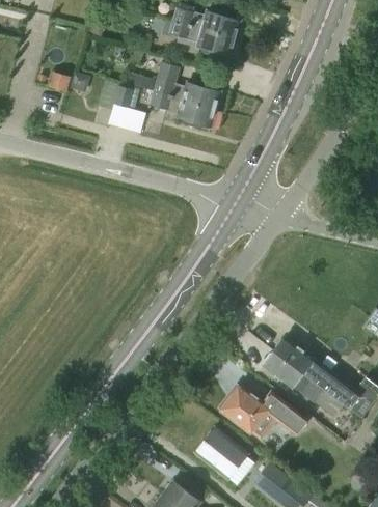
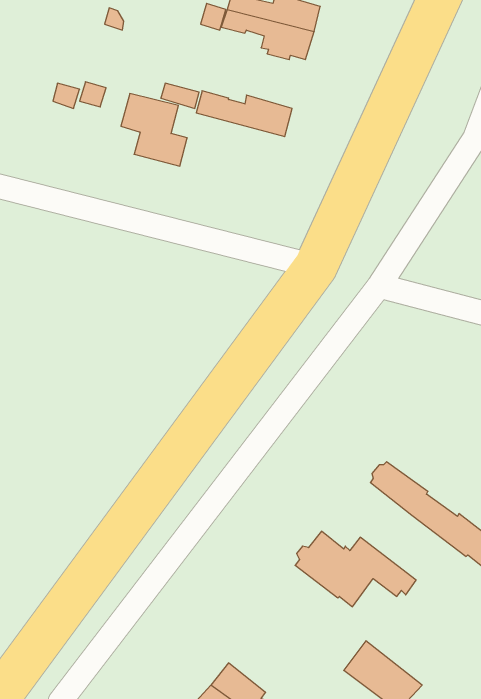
building: [148,94,214,129] -> none
building: [263,354,342,417] -> none
building: [195,427,254,485] -> none

